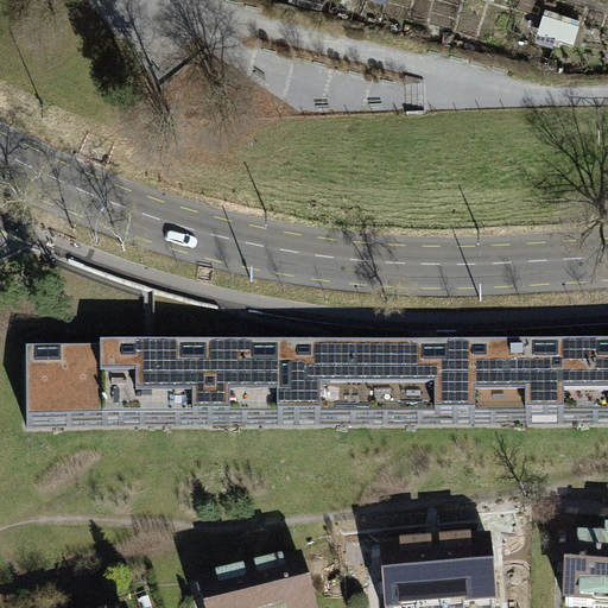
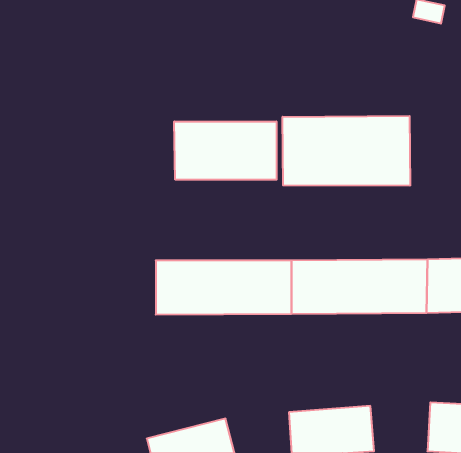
building: none -> [283,116,410,186]
building: none -> [174,121,277,180]
building: [30,342,207,414] -> none

